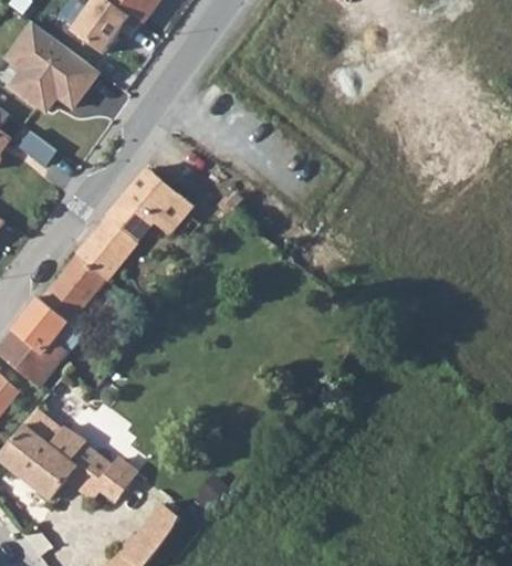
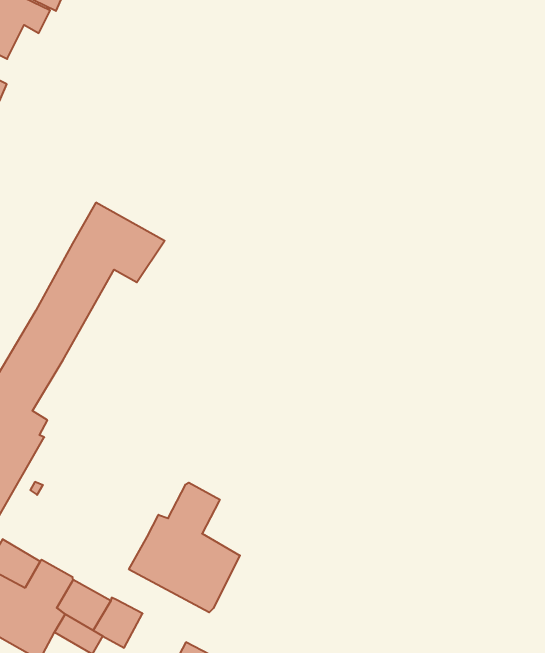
building: none -> [129,483,240,612]

